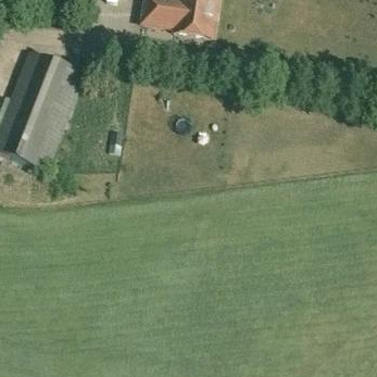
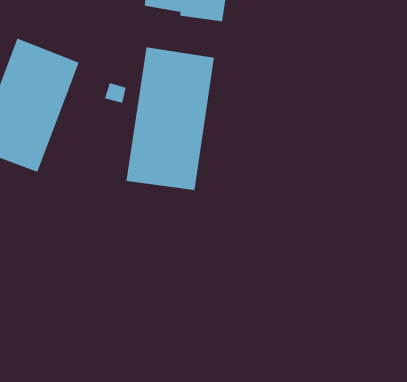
building: none -> [126,47,214,191]

